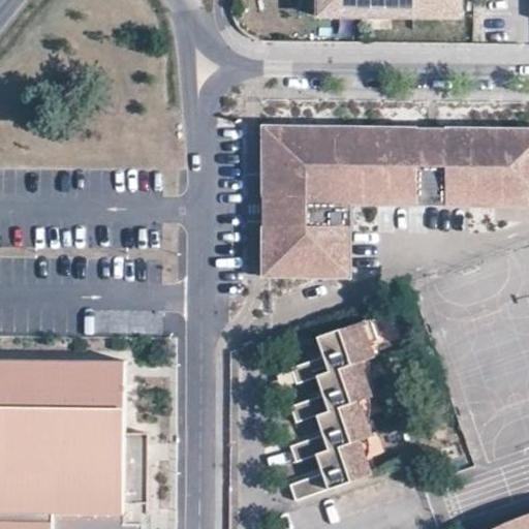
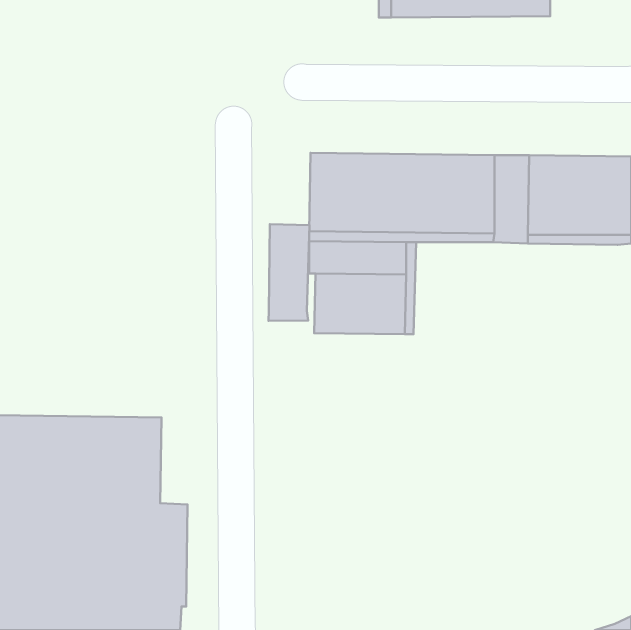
building: none -> [269,224,309,321]
building: [289,312,375,499] -> none

